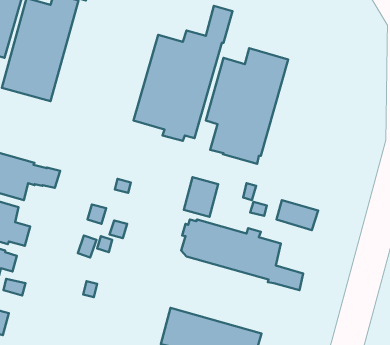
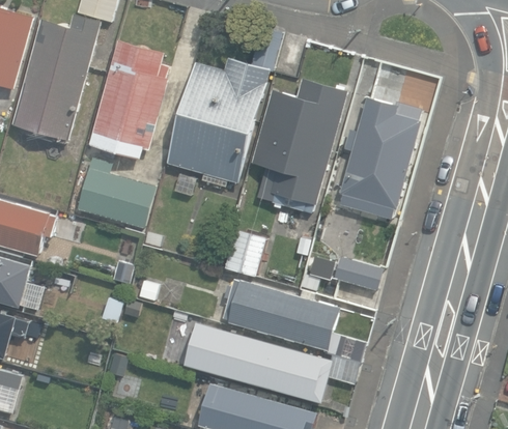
building: none -> [87,40,168,159]
building: none -> [337,96,421,219]
building: none -> [76,156,156,228]
building: none -> [182,321,360,403]

